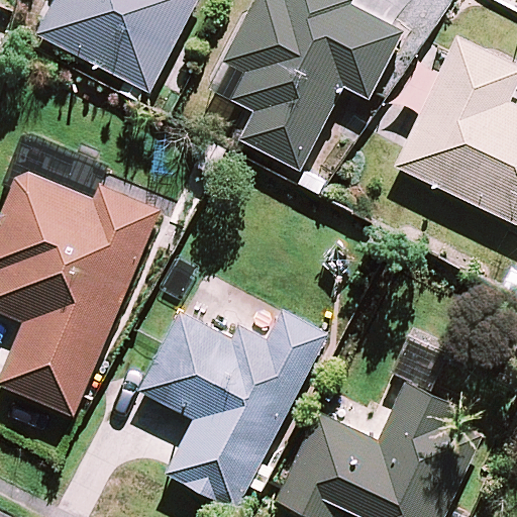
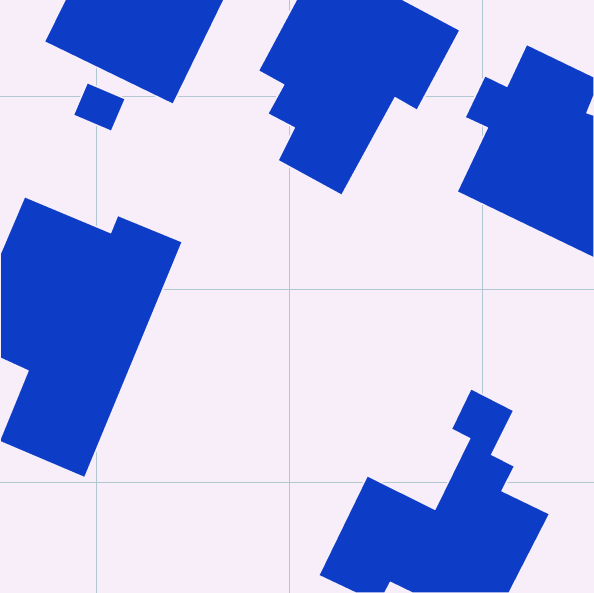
building: [135,309,327,510] -> none

